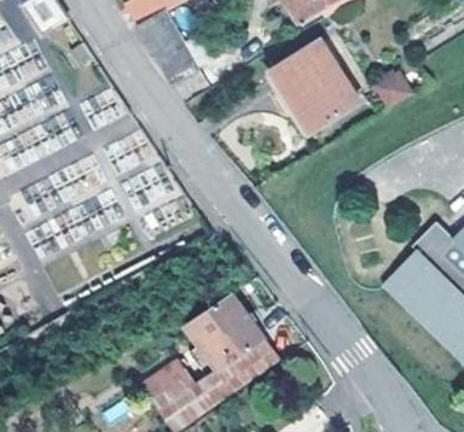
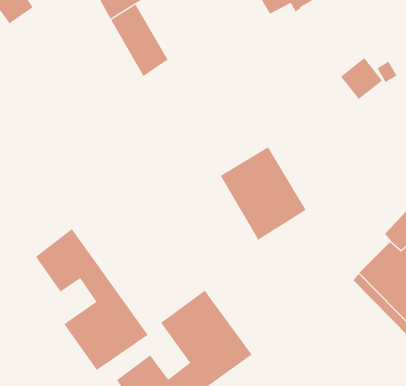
building: [272,37,358,130] -> [220,147,306,240]
building: none -> [35,228,148,371]

